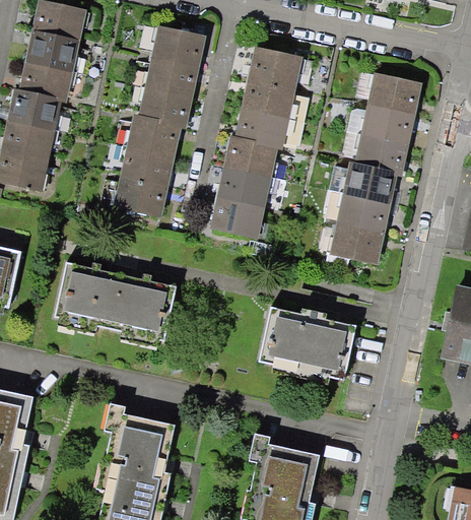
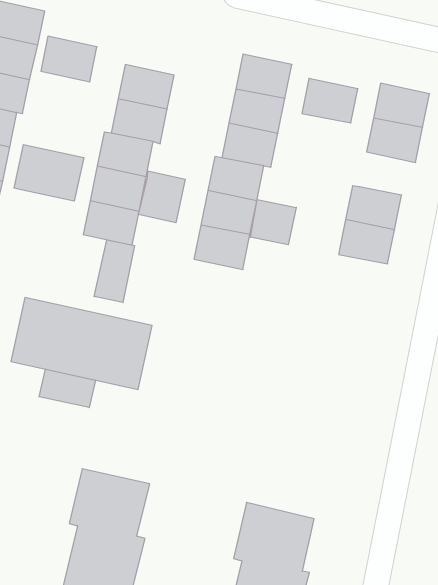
building: [153,28,202,68] -> [41,36,97,82]
building: none -> [14,145,84,201]
building: [357,135,406,174] -> [302,78,358,123]
building: none -> [139,171,185,223]
building: none -> [250,200,296,245]
building: none -> [94,240,135,303]
building: [333,224,382,263] -> none
building: [259,307,356,381] -> none
building: none -> [39,369,95,408]

